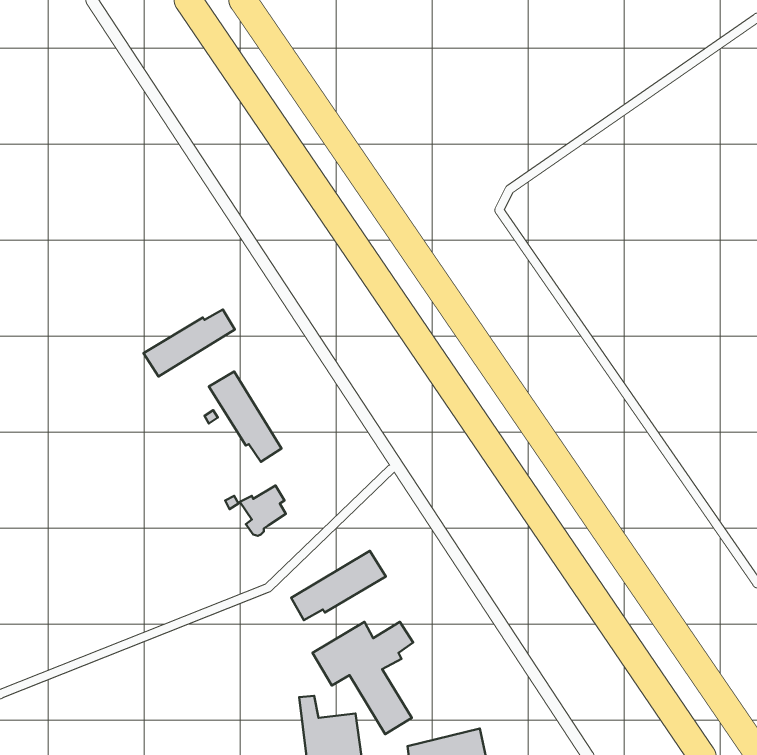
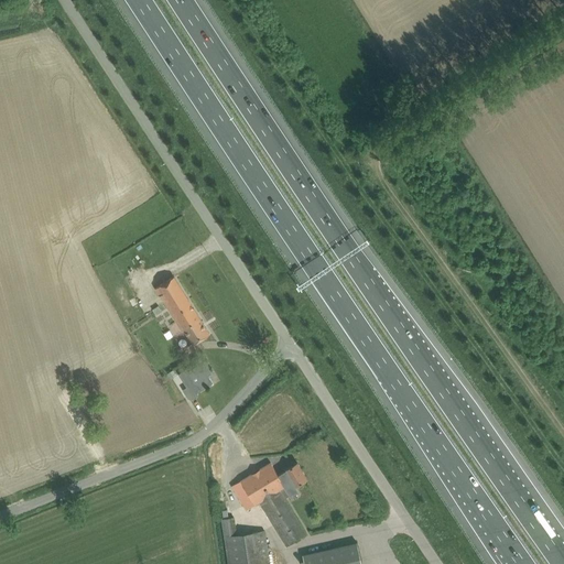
building: [143,309,235,377] -> none
building: [291,551,386,620] -> none

